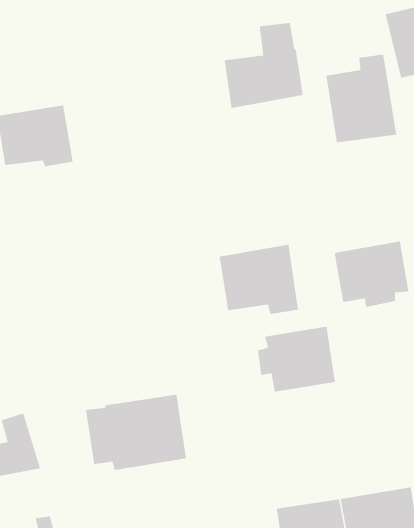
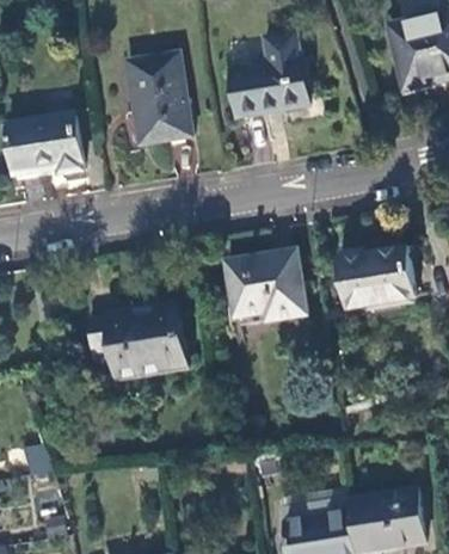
building: none -> [125,53,190,142]
building: [326,54,397,143] -> none
building: [257,326,336,392] -> none
building: [85,394,187,471] -> [86,303,186,378]

